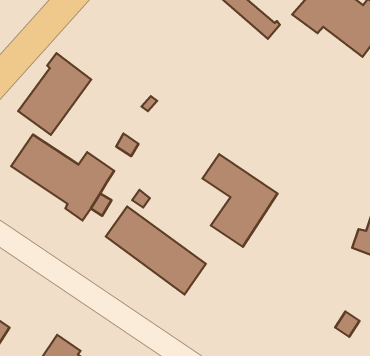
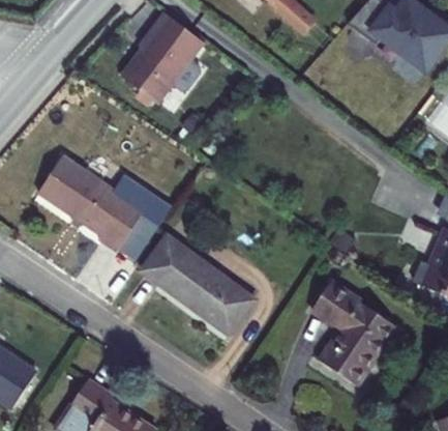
building: [18,53,91,135] -> [119,12,200,103]
building: [202,154,277,247] -> [310,282,393,384]

